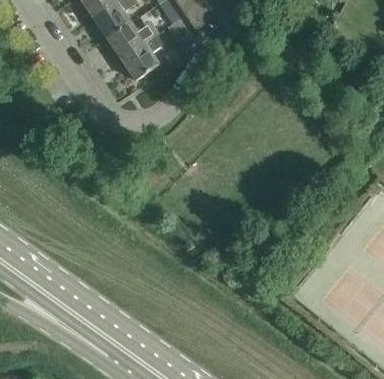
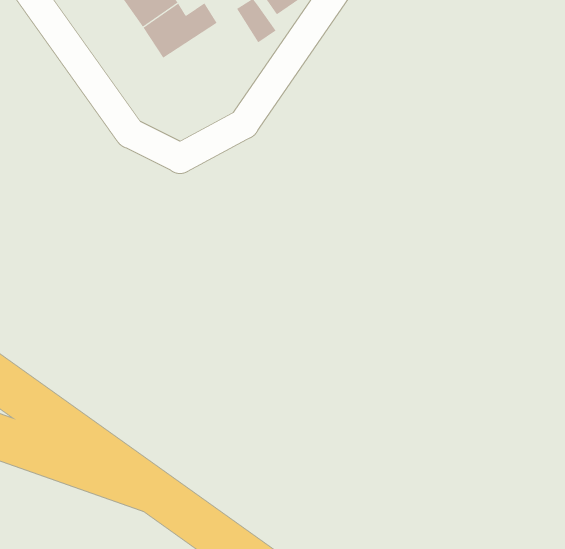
building: [120,34,163,78] -> none

